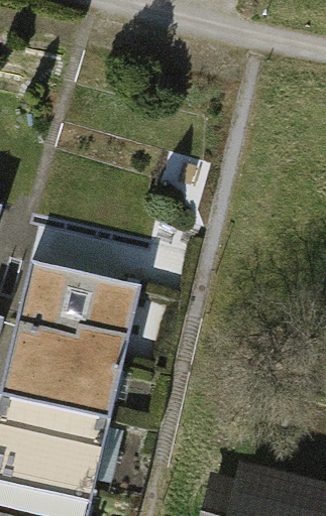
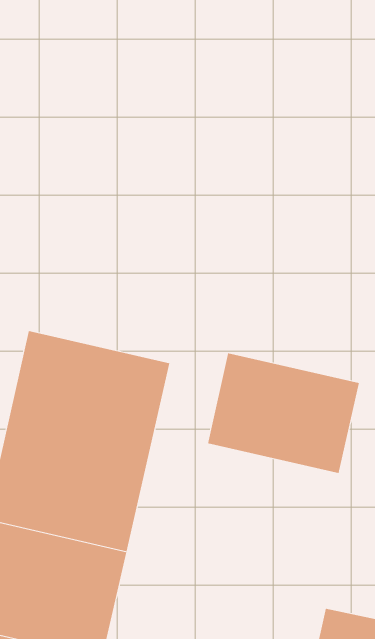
building: none -> [207,352,359,474]

